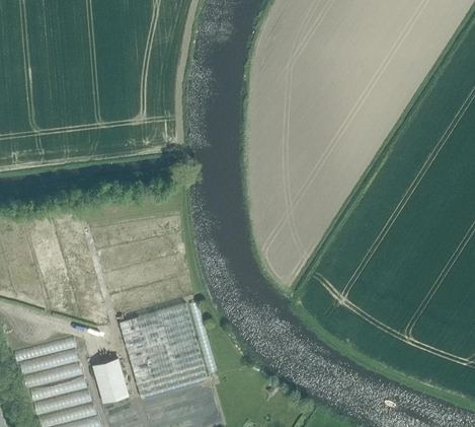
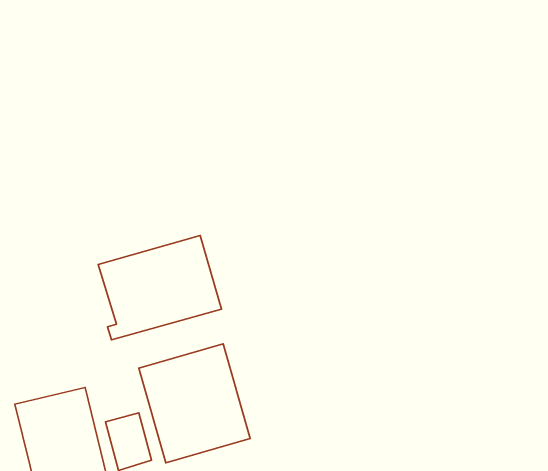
building: none -> [98,236,221,340]

